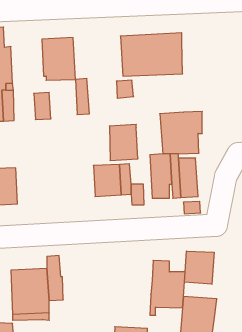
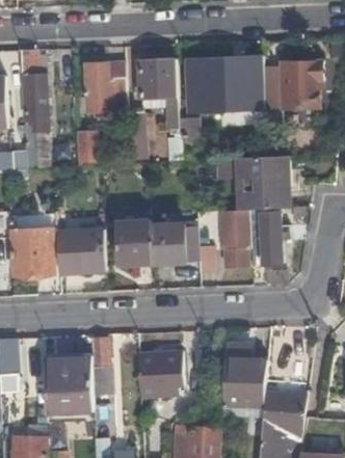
building: none -> [139,60,179,110]
building: none -> [262,60,322,126]
building: [109,124,138,160] -> [115,220,152,266]
building: none -> [57,230,105,273]
building: [184,251,214,284] -> none
building: none -> [138,350,185,397]

